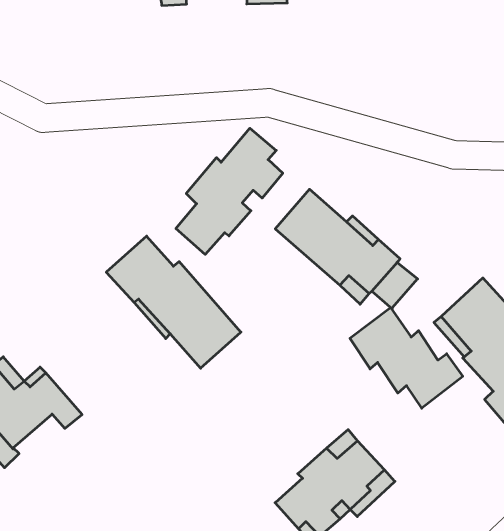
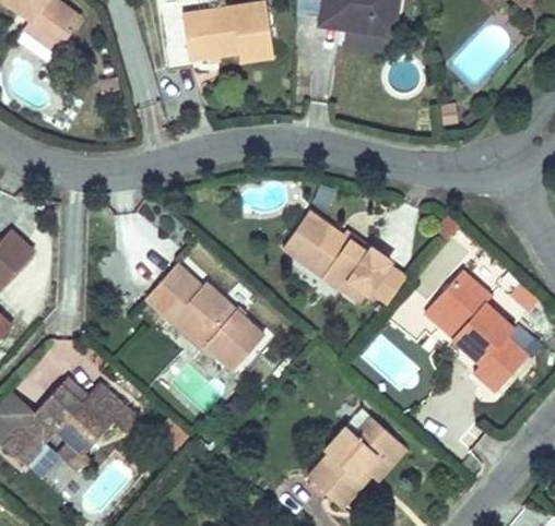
building: [176,128,283,254] -> none
building: [350,308,463,408] -> none

